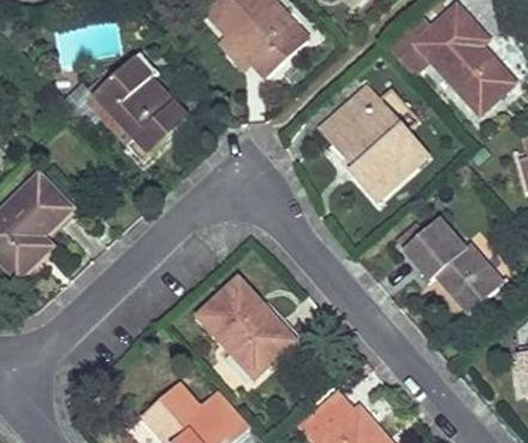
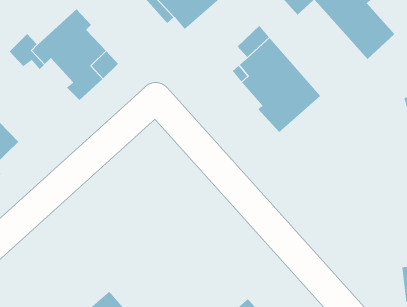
building: [404,219,500,312] -> none
building: [200,279,293,376] -> none

